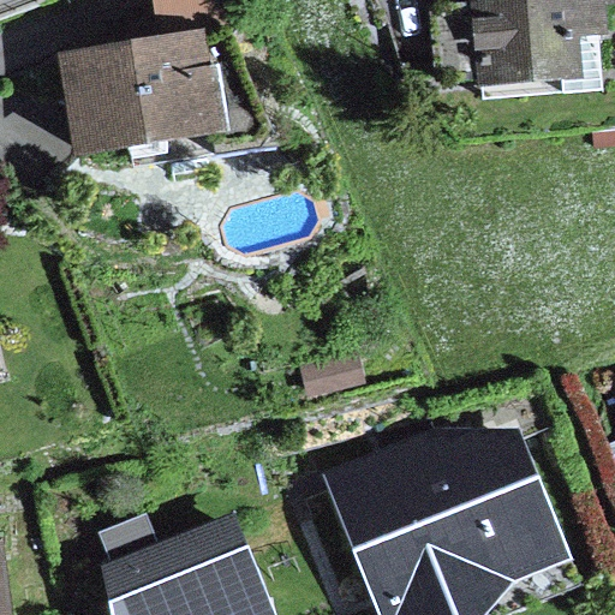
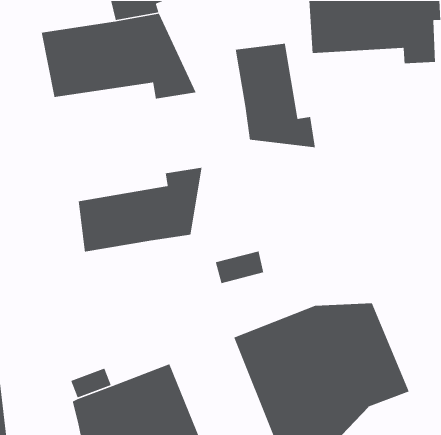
building: none -> [235,43,316,148]
building: none -> [78,167,202,252]

